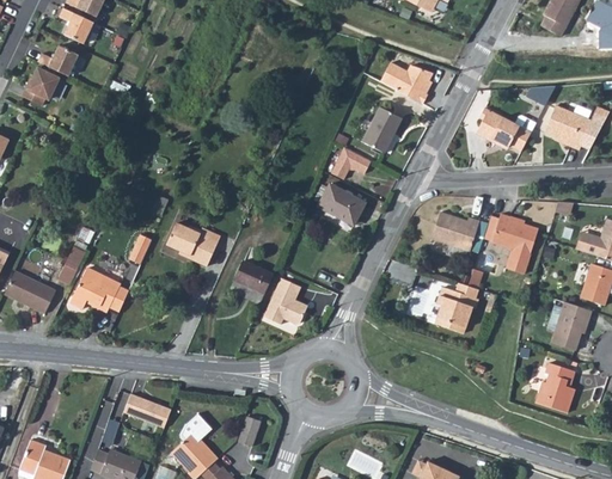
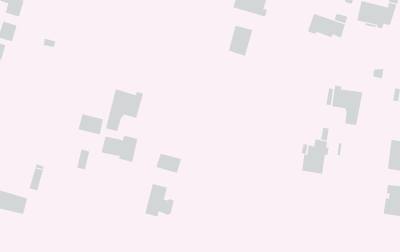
building: [330,147,371,179] -> none
building: none -> [106,88,143,132]
building: [322,186,367,223] -> none
building: none -> [78,113,104,135]
building: [432,210,479,251] -> none
building: [68,275,117,318] -> none
building: [263,280,307,327] -> [145,183,174,217]

